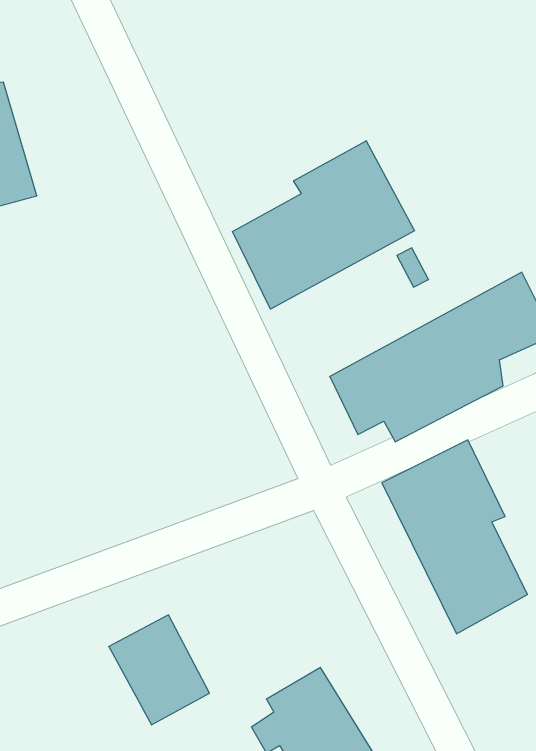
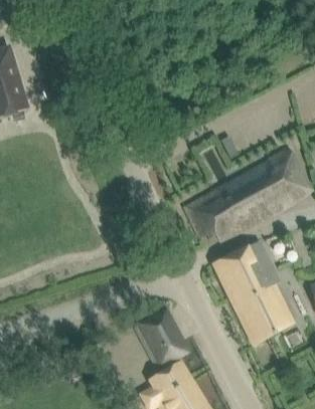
building: [232,141,415,309] -> none
building: [109,615,209,725] -> [134,309,188,368]

